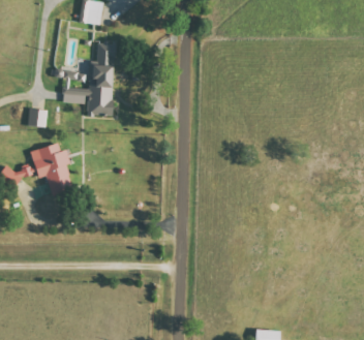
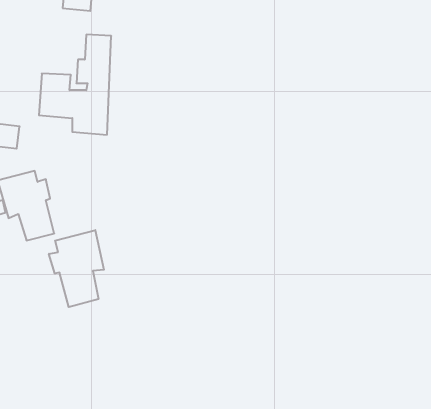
building: none -> [49,230,104,307]

